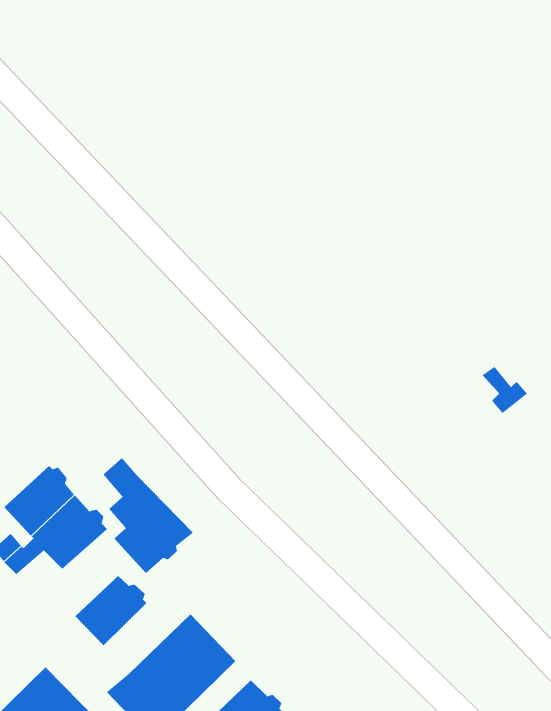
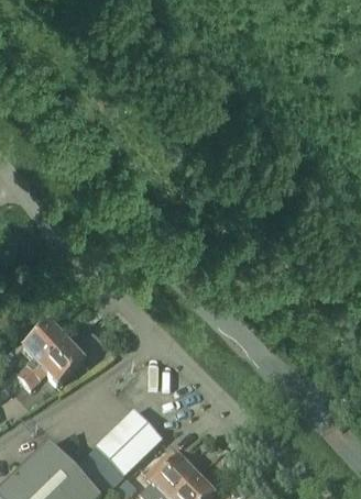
building: [102,457,194,574] -> none
building: [75,575,147,646] -> none

